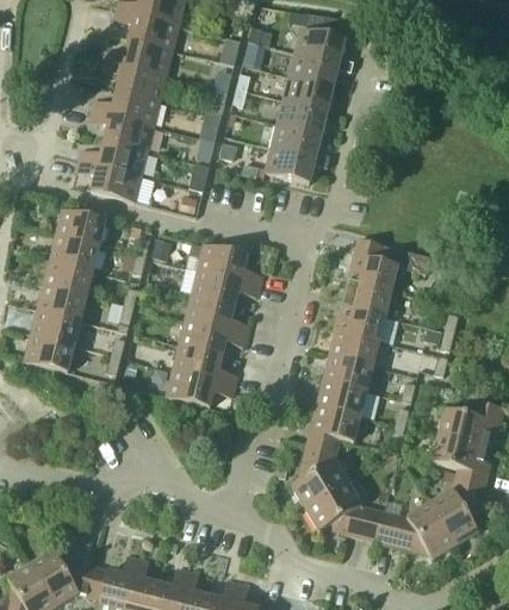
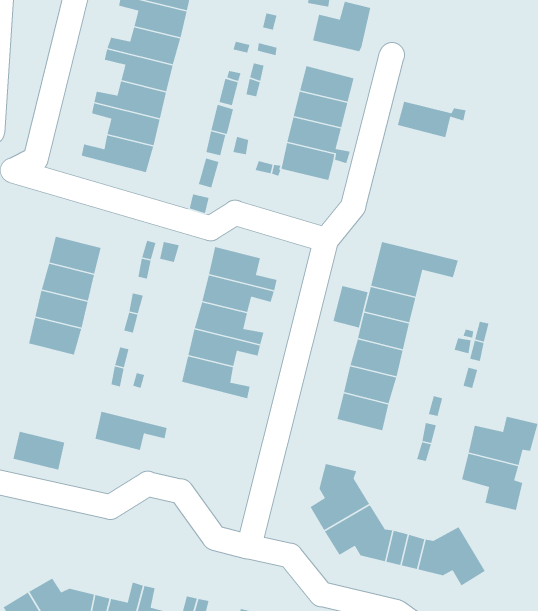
building: [288,52,353,87] -> [397,101,466,138]
building: [76,160,141,201] -> none
building: [56,208,106,244] -> none
building: none -> [333,285,369,328]
building: [25,334,74,371] -> [13,431,65,471]
building: [167,369,235,406] -> [94,411,168,451]
building: [306,404,360,452] -> none
building: [430,481,484,544] -> none

